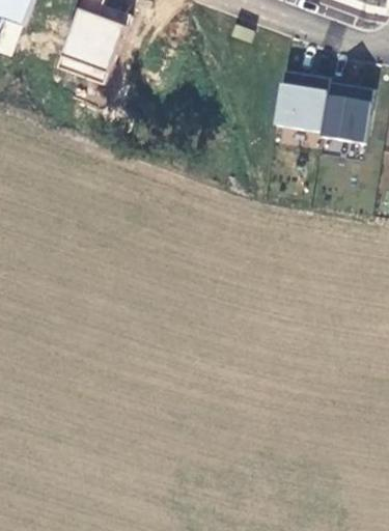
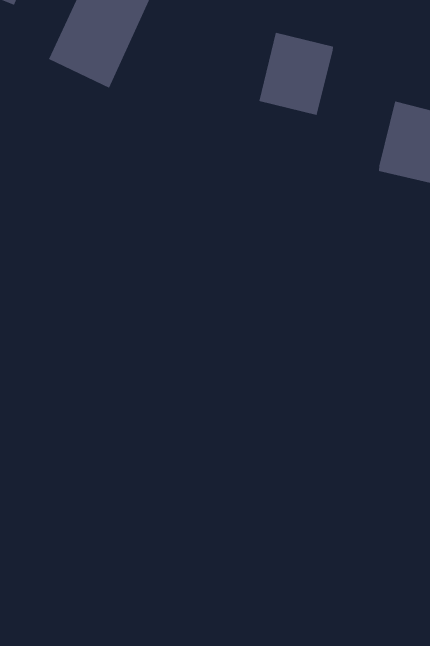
building: [274,69,330,133] -> [259,32,334,116]

